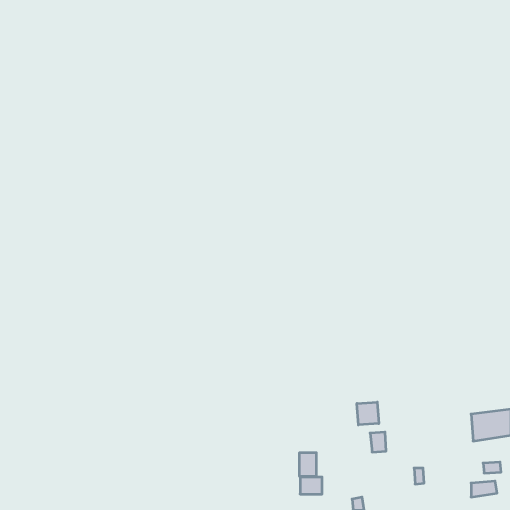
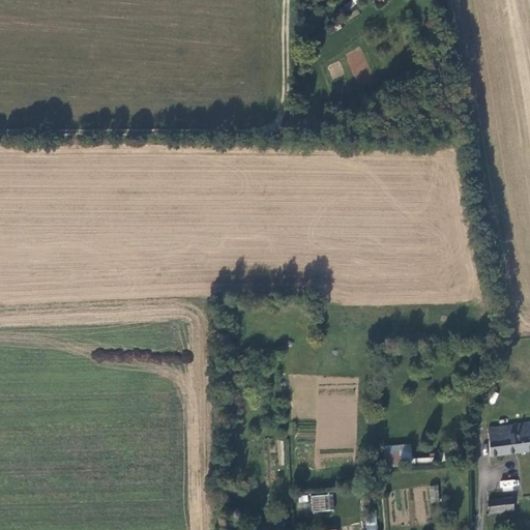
building: [357,402,379,425] -> none
building: [300,453,316,476] -> none

